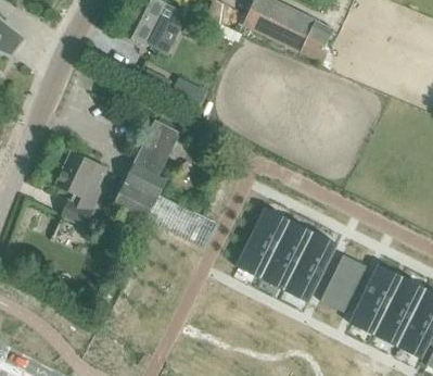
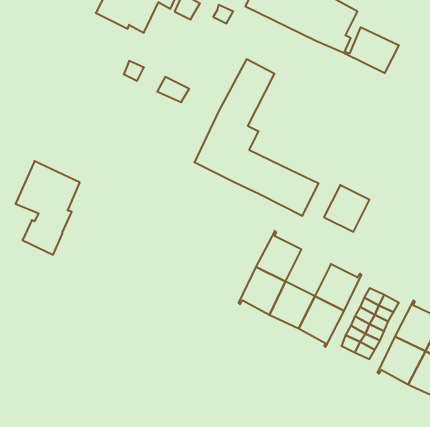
building: none -> [345,27,399,73]
building: [114,121,215,248] -> [194,59,319,216]
building: [275,223,311,261] -> [324,185,369,232]

